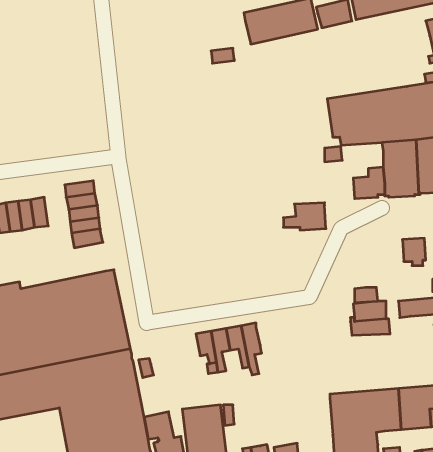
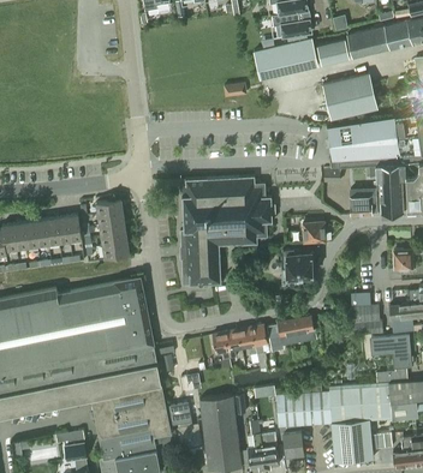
building: none -> [323,73,377,120]
building: none -> [180,176,273,286]
building: none -> [282,249,315,280]
building: none -> [267,315,314,348]
building: none -> [371,334,412,369]
building: none -> [276,390,332,426]

